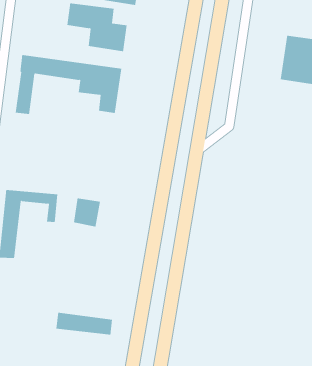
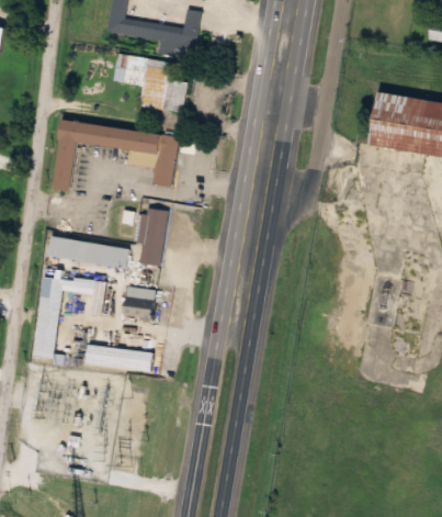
building: none -> [135,207,168,267]
building: none -> [46,237,127,268]
building: [56,312,113,335] -> [84,345,152,372]

